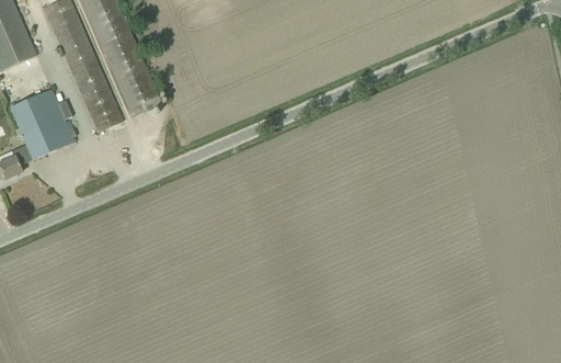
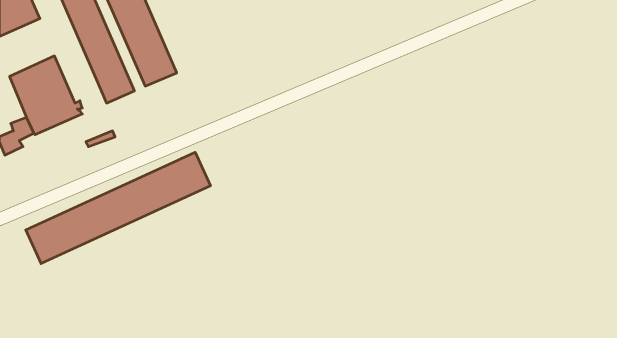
building: none -> [26,152,210,264]

